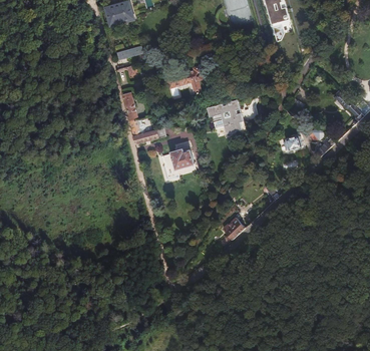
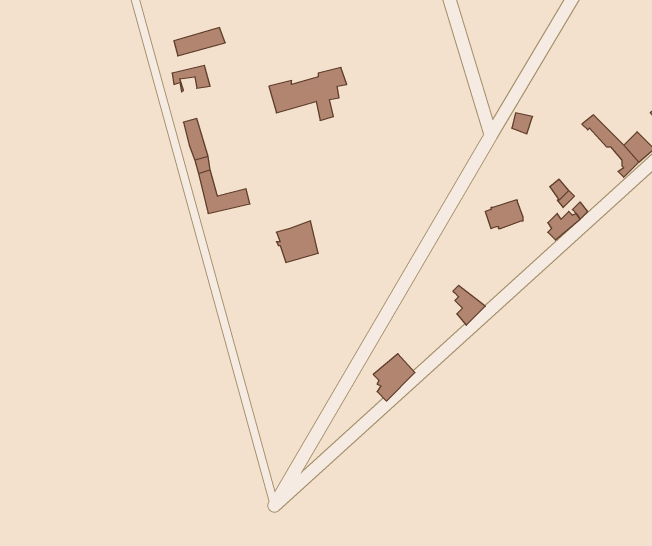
building: [207,98,243,132] -> none

